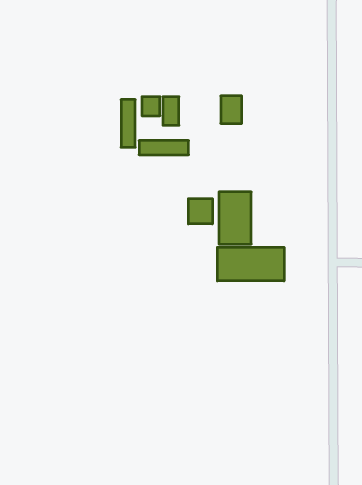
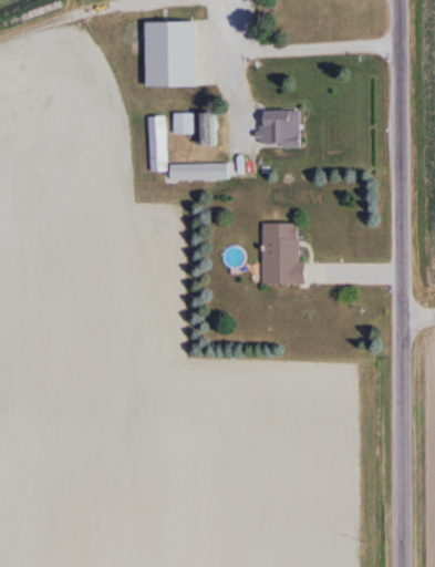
building: none -> [145,21,195,86]
building: [188,199,212,224] -> none
building: [217,247,284,281] -> none

